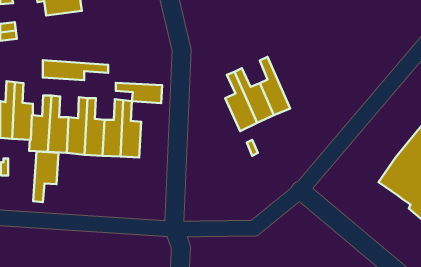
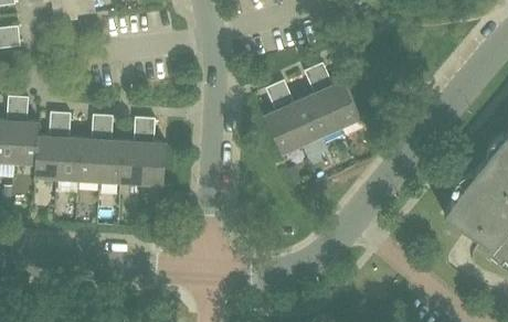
building: none -> [314,63,361,128]
building: [43,60,108,80] -> none
building: [116,83,162,103] -> none
building: [33,151,58,202] -> none

